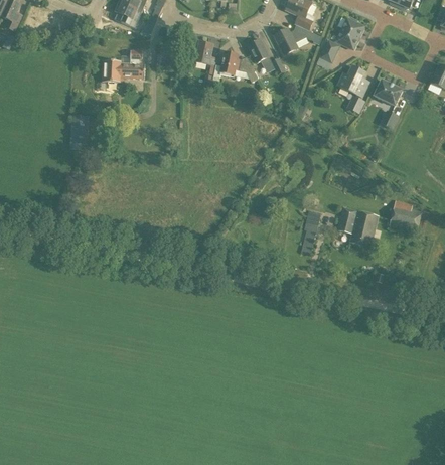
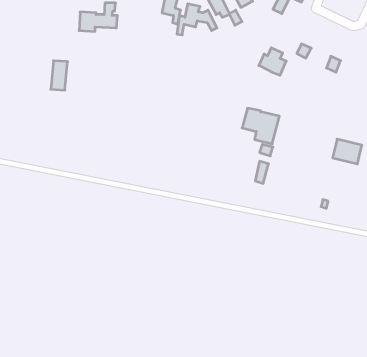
building: [338,65,369,97] -> [259,48,286,75]
building: [374,79,403,106] -> none
building: [336,206,379,247] -> [242,108,279,144]

